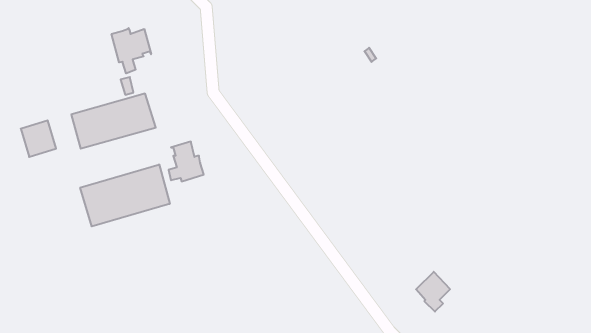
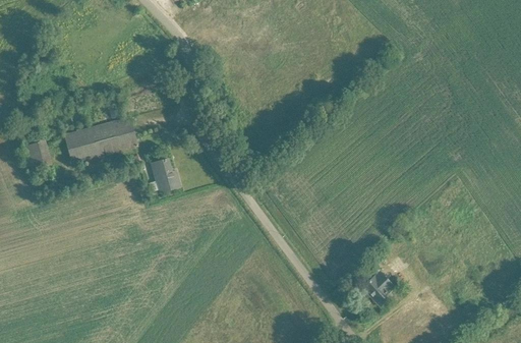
building: [112,28,151,73] -> none
building: [80,164,170,226] -> none

